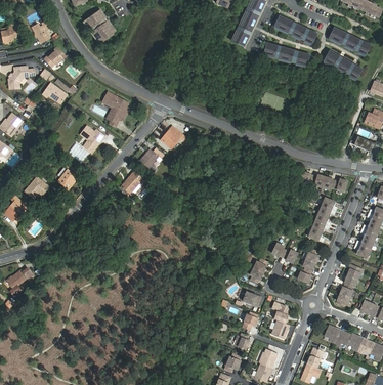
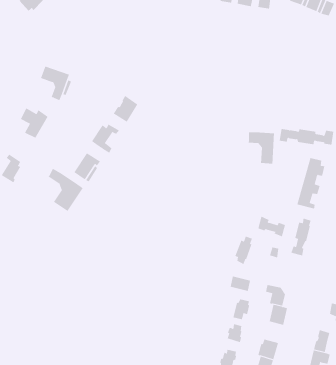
building: none -> [248,132,275,164]
building: none -> [48,168,84,212]

